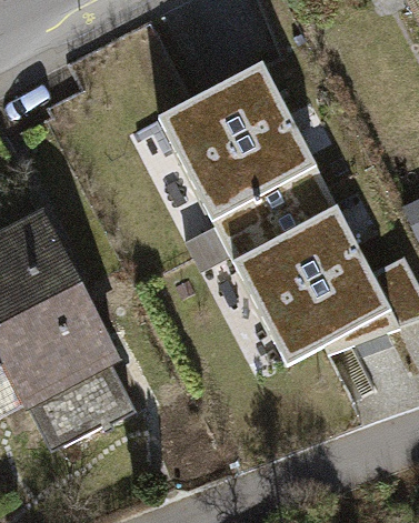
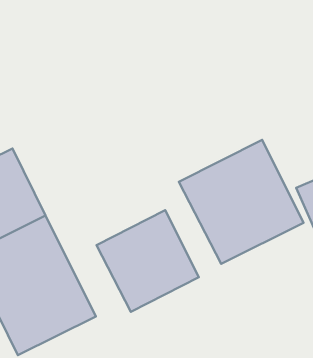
building: [163,62,318,217] -> none
building: none -> [96,210,199,312]

